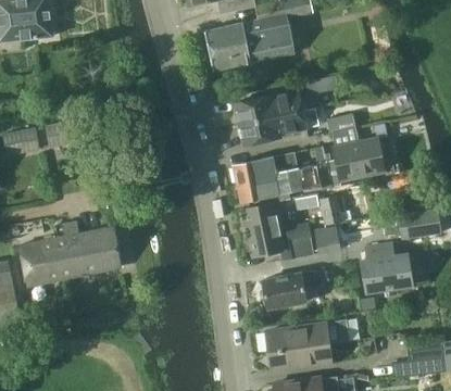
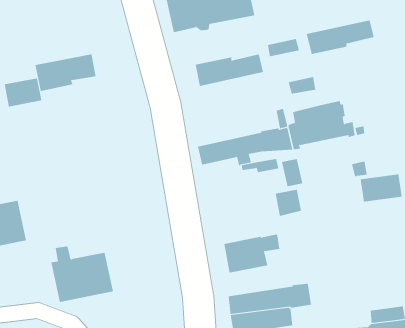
building: none -> [35,54,96,92]
building: [239,109,308,143] -> [306,20,375,55]
building: [234,151,300,182] -> none
building: [240,202,314,260] -> none
building: [59,219,122,276] -> [51,246,114,303]
building: [361,241,413,289] -> none

